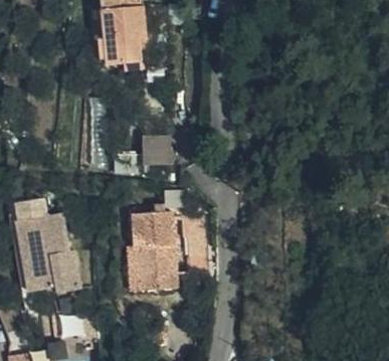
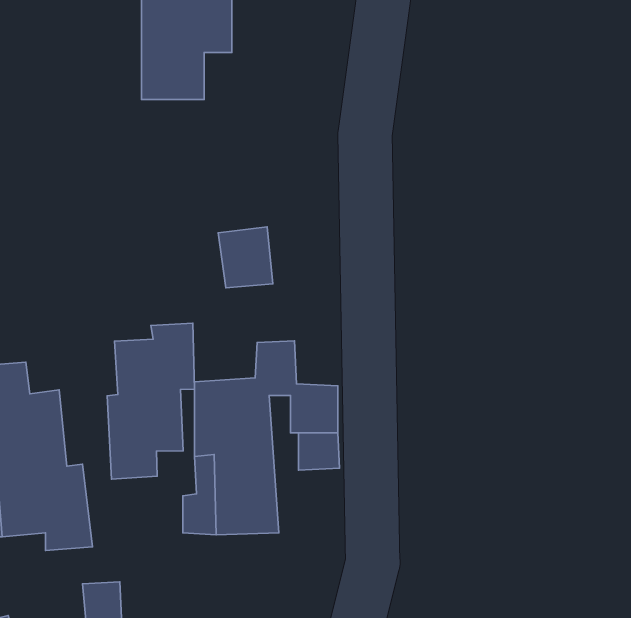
building: none -> [107,323,194,479]

